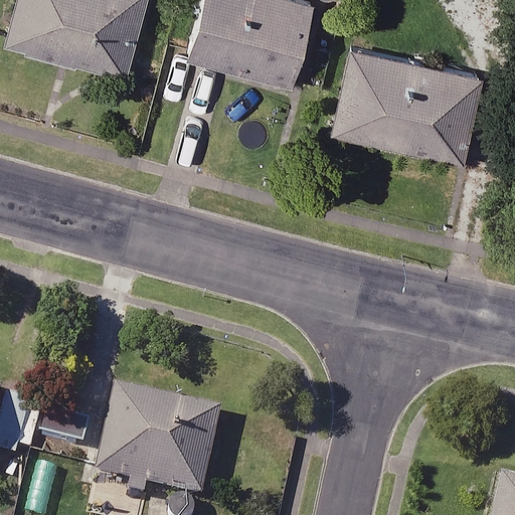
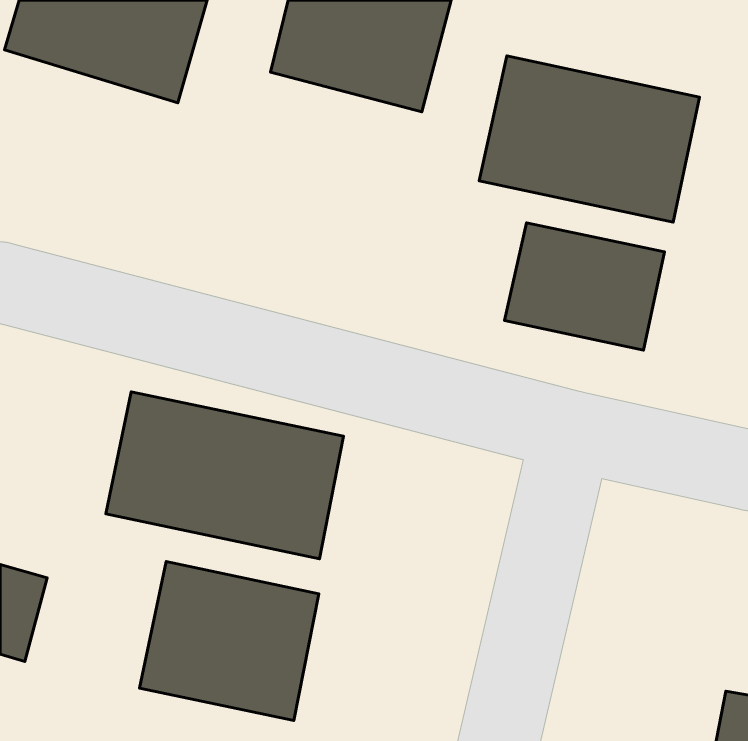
building: none -> [504,223,664,350]
building: none -> [106,392,343,559]

